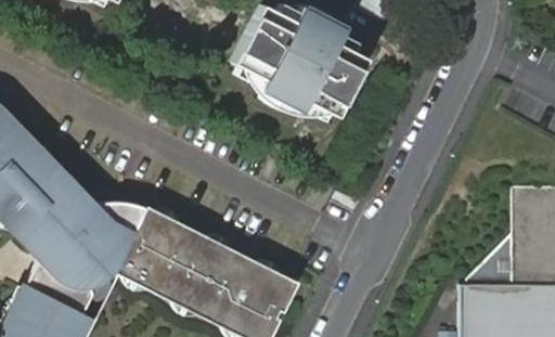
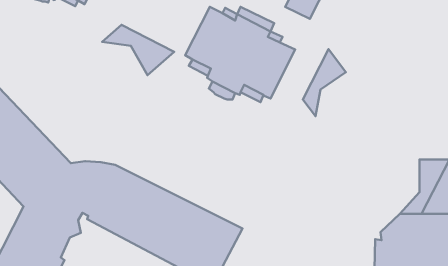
building: none -> [102,25,174,75]
building: none -> [303,49,346,116]

